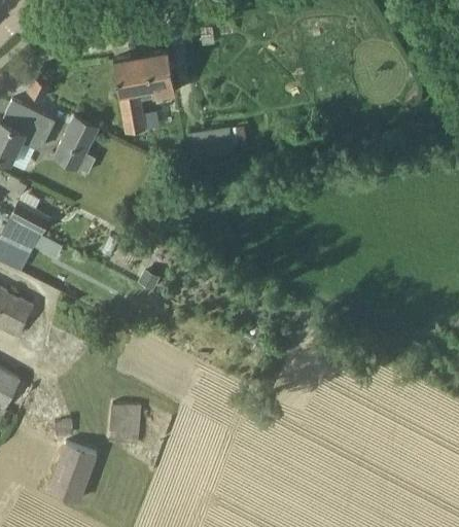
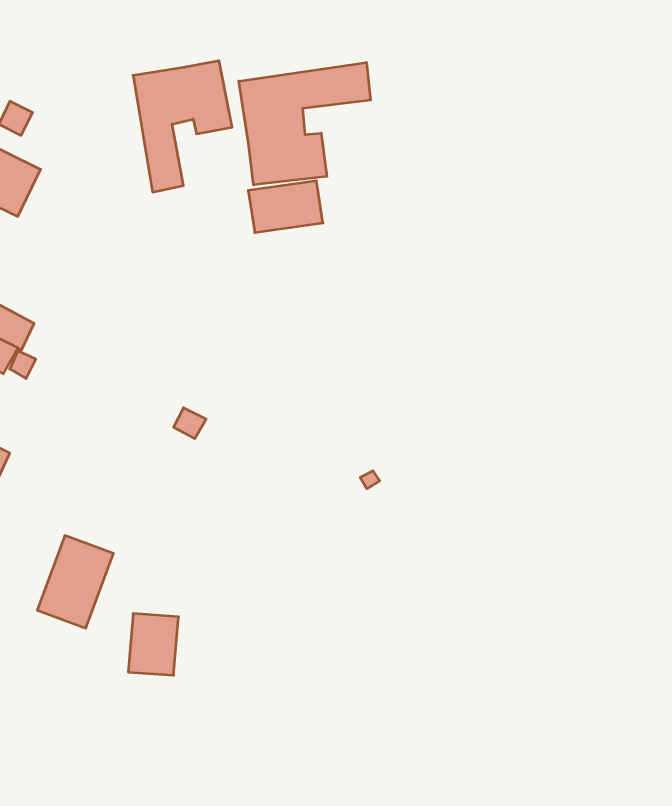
building: none -> [239,62,370,185]
building: [52,117,99,175] -> none
building: [47,445,96,503] -> [37,536,113,628]

